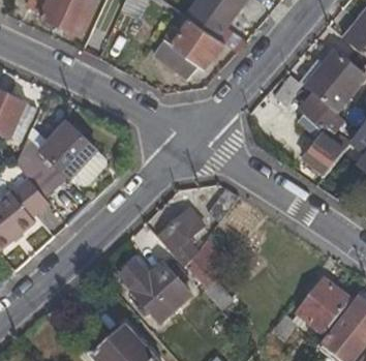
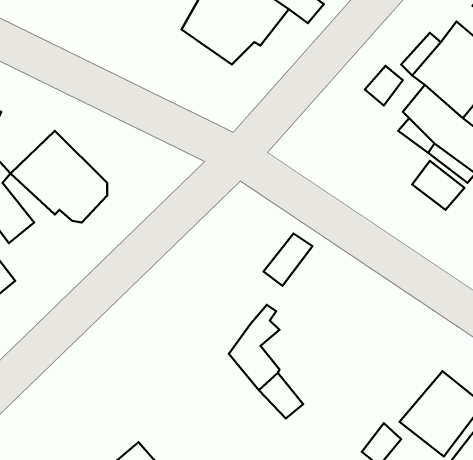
building: [156,210,201,267] -> none
building: [118,260,189,322] -> none

